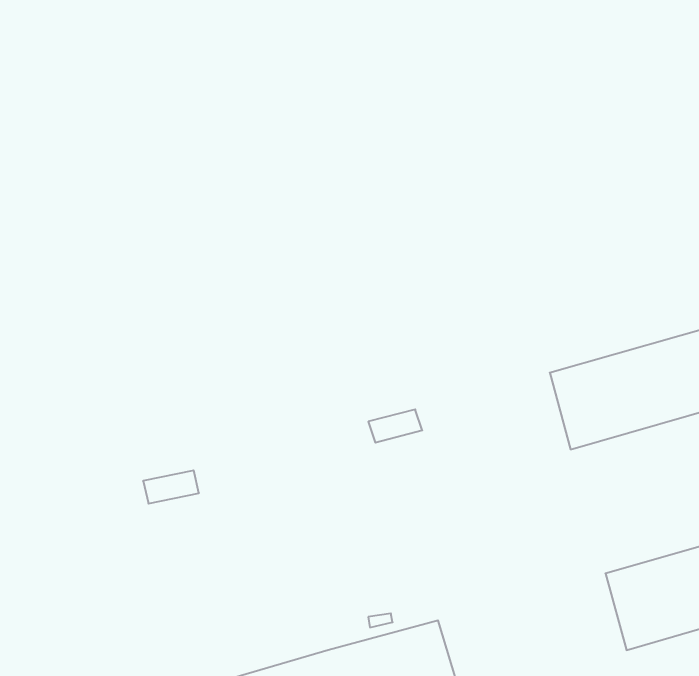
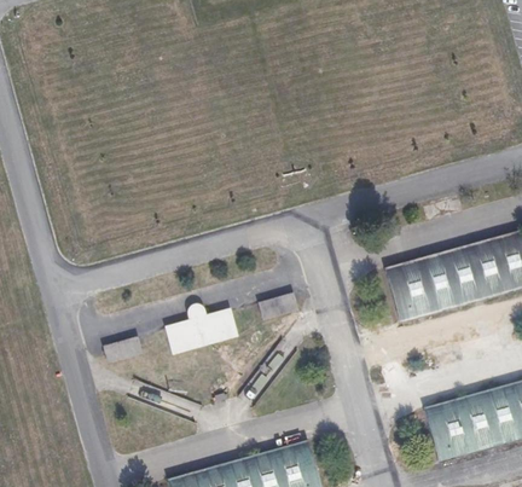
building: none -> [166,303,238,353]

